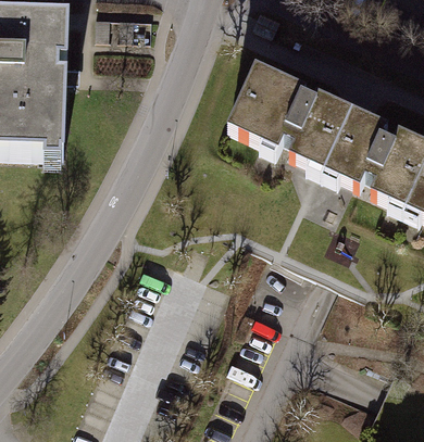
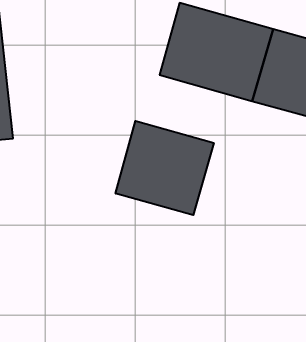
building: none -> [116,121,214,215]

